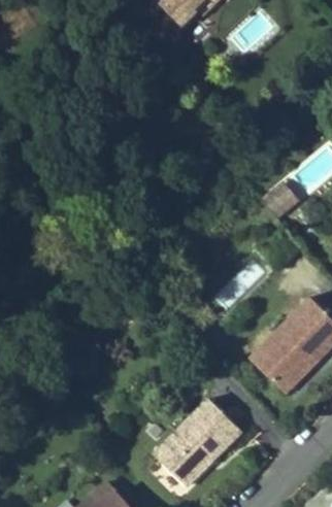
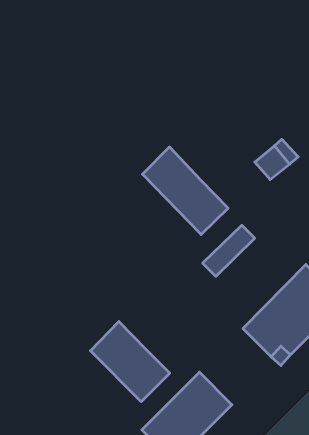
building: none -> [142,147,228,235]
building: none -> [90,321,170,402]

